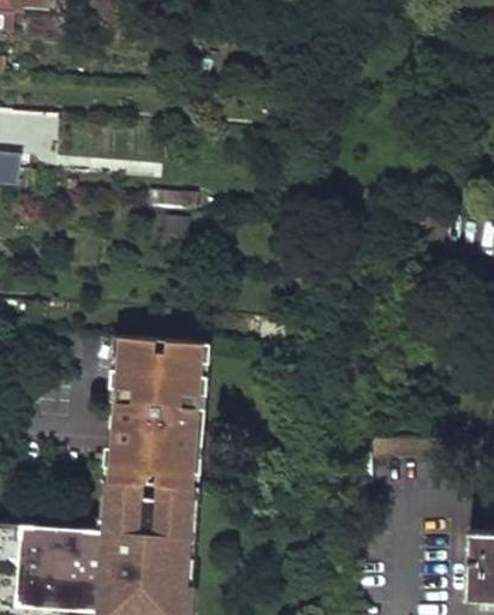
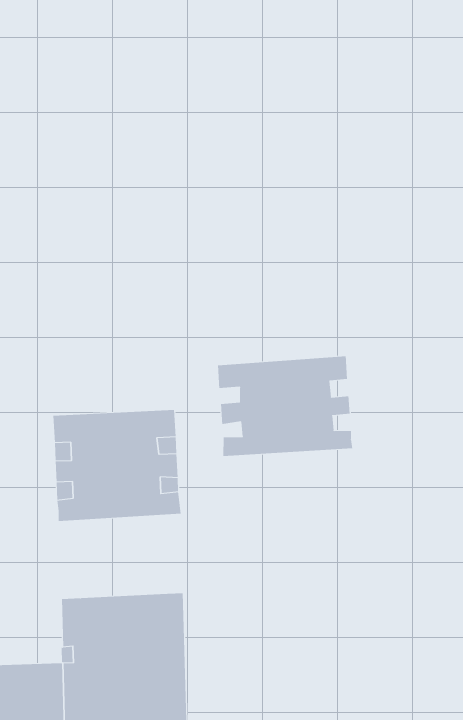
building: none -> [218,356,353,457]
building: [107,418,208,485] -> none

